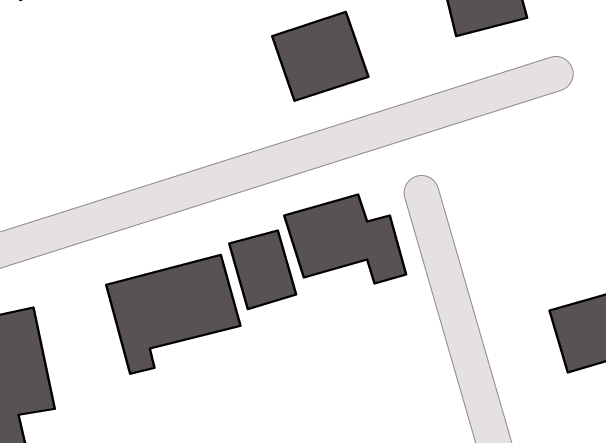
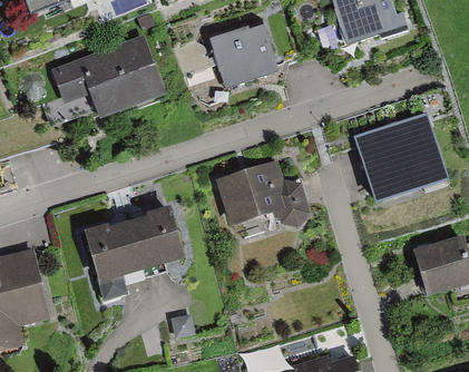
building: none -> [56,36,167,120]
building: none -> [346,112,442,206]
building: [229,230,296,309] -> none

